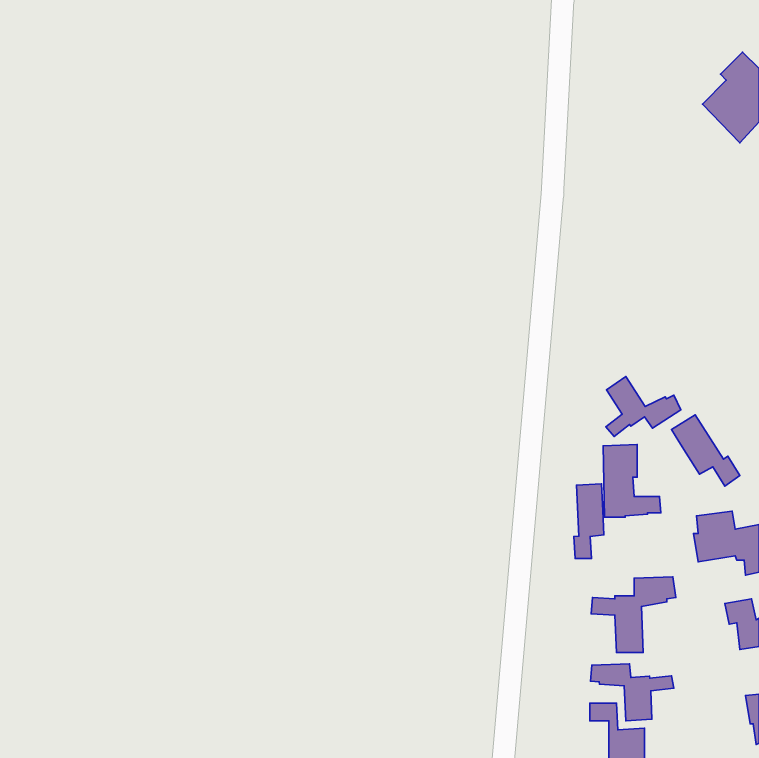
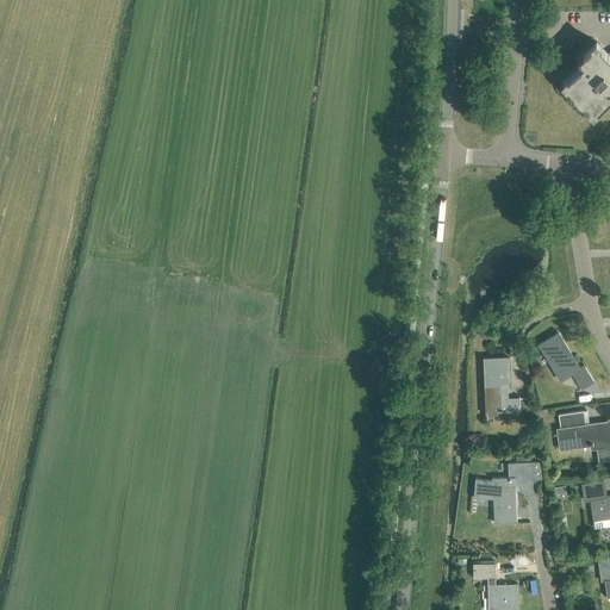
building: [606,377,681,436] -> none
building: [574,484,604,558] -> none
building: [590,664,674,721] -> none

